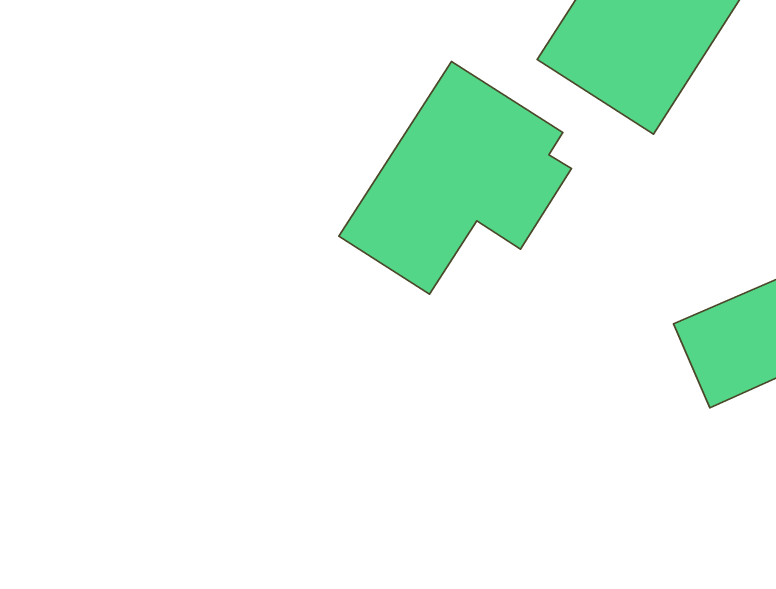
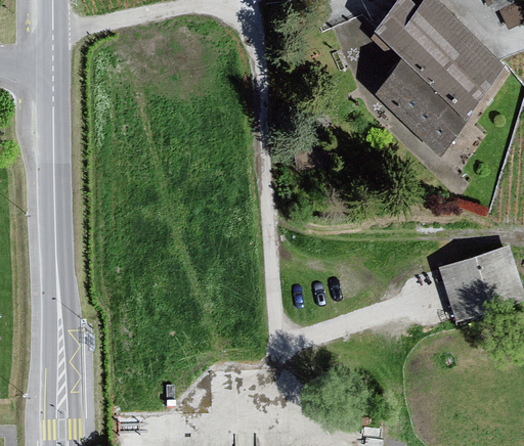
building: [339,61,571,294] -> none

